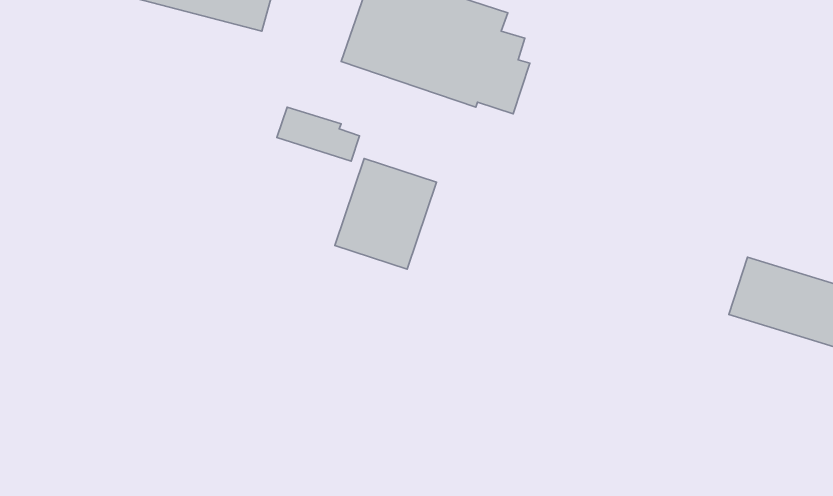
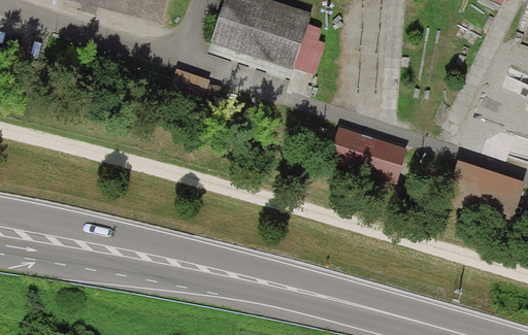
building: [335,158,437,269] -> none
building: none -> [329,128,406,178]

